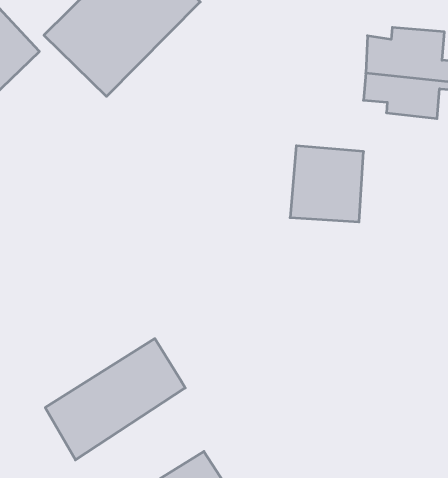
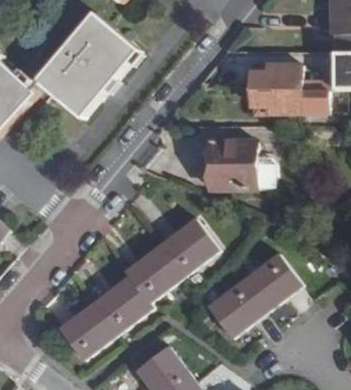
building: none -> [124,220,216,303]
building: none -> [208,255,300,337]

